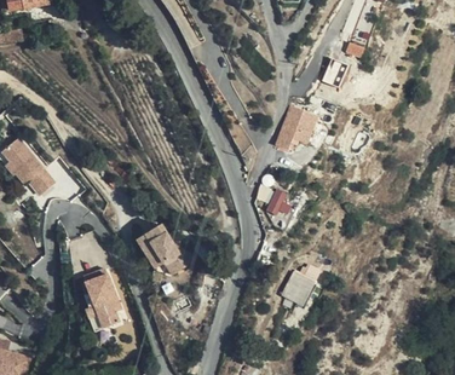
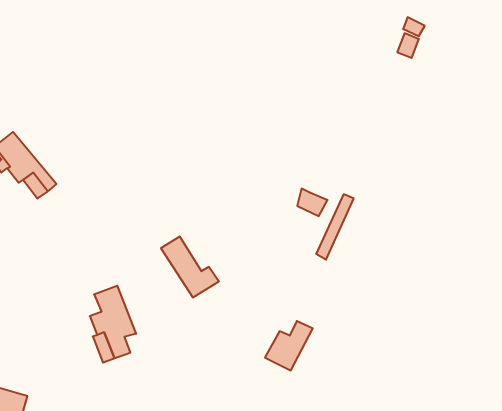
building: [275,105,317,150] -> none
building: [281,265,321,306] -> [265,321,313,370]

